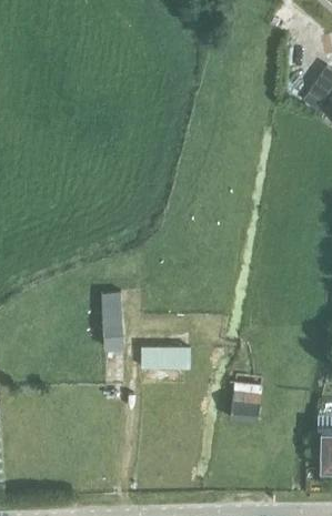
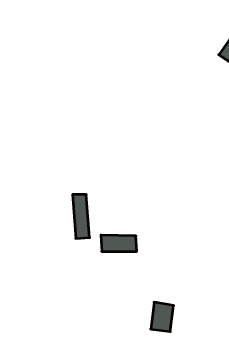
building: [230,383,261,423] -> [151,302,174,332]

